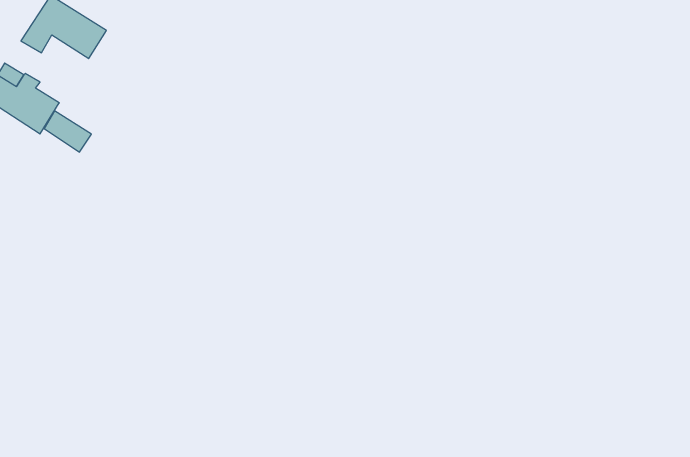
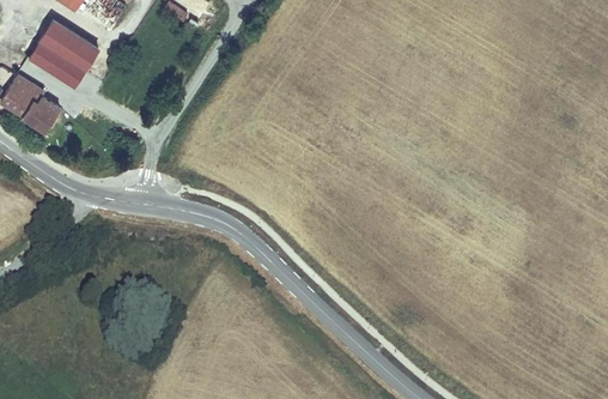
building: [44,111,91,152] -> [45,54,84,87]

